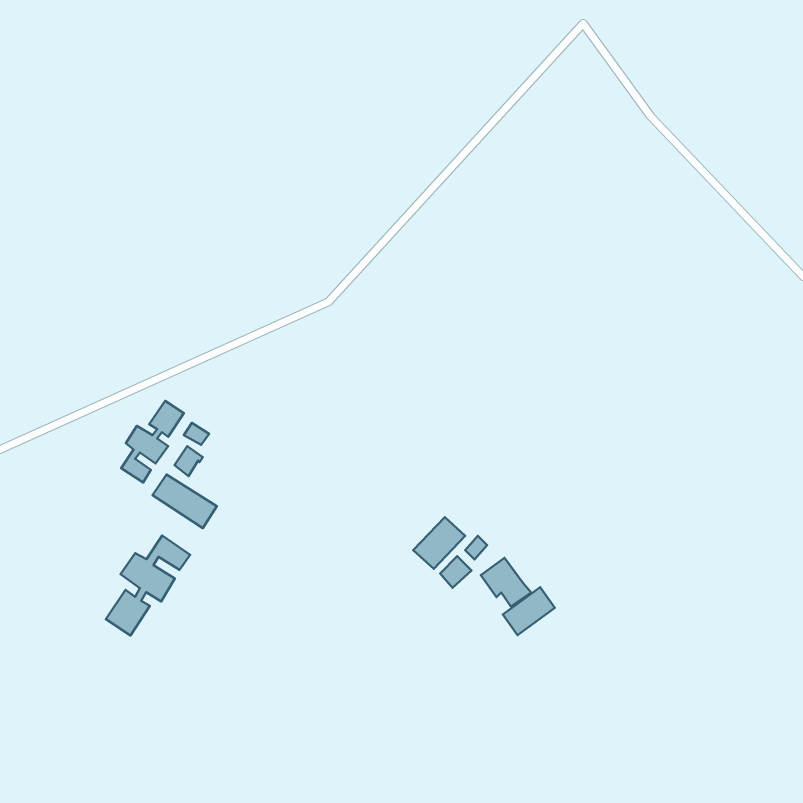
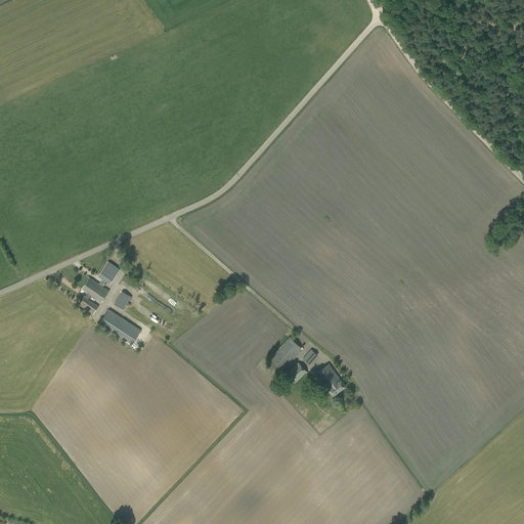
building: [106,536,190,635] -> none
building: [503,587,555,635] -> none

